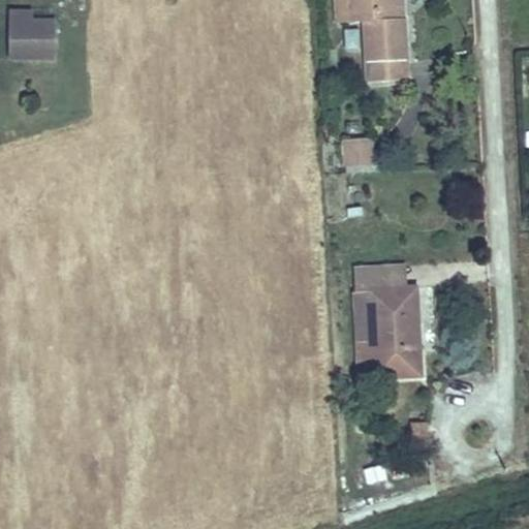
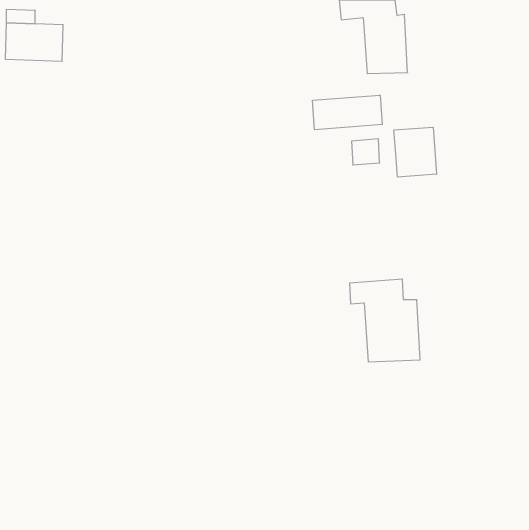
building: none -> [313,95,382,130]
building: none -> [394,127,437,177]

